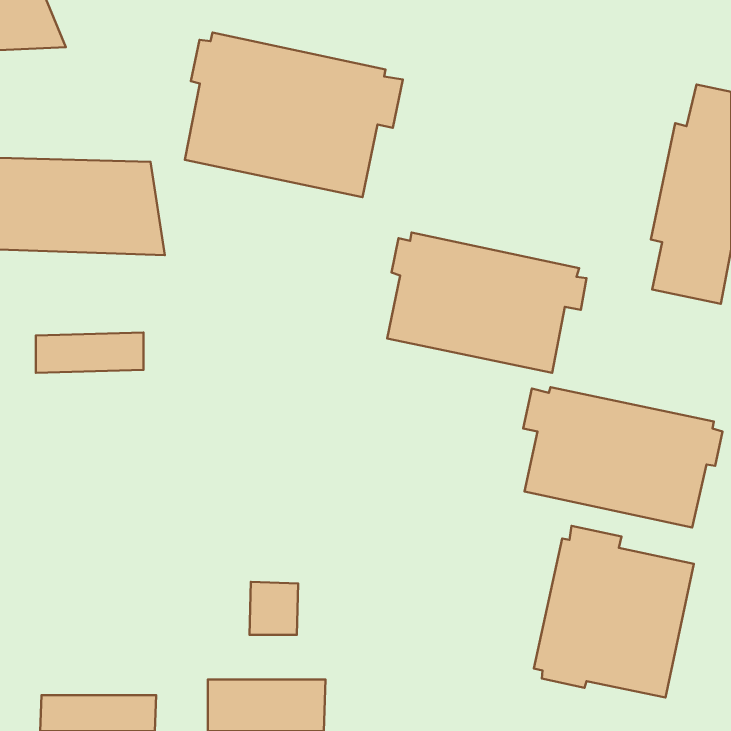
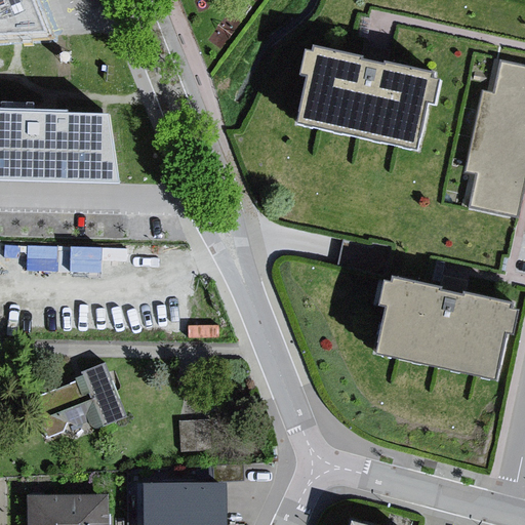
building: [185,33,403,197] -> none
building: [387,232,586,373] -> [297,45,440,146]
building: none -> [26,362,130,443]
building: [534,526,694,697] -> none

